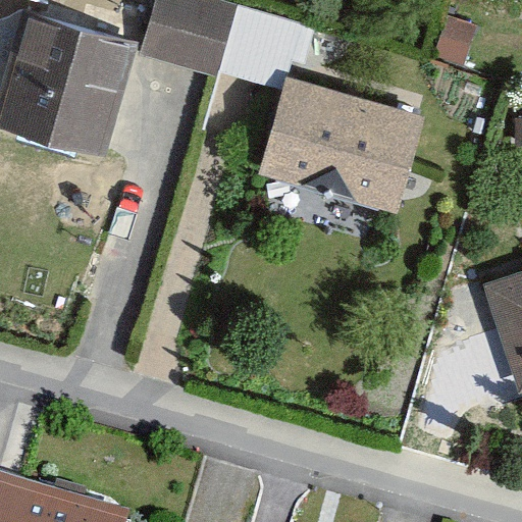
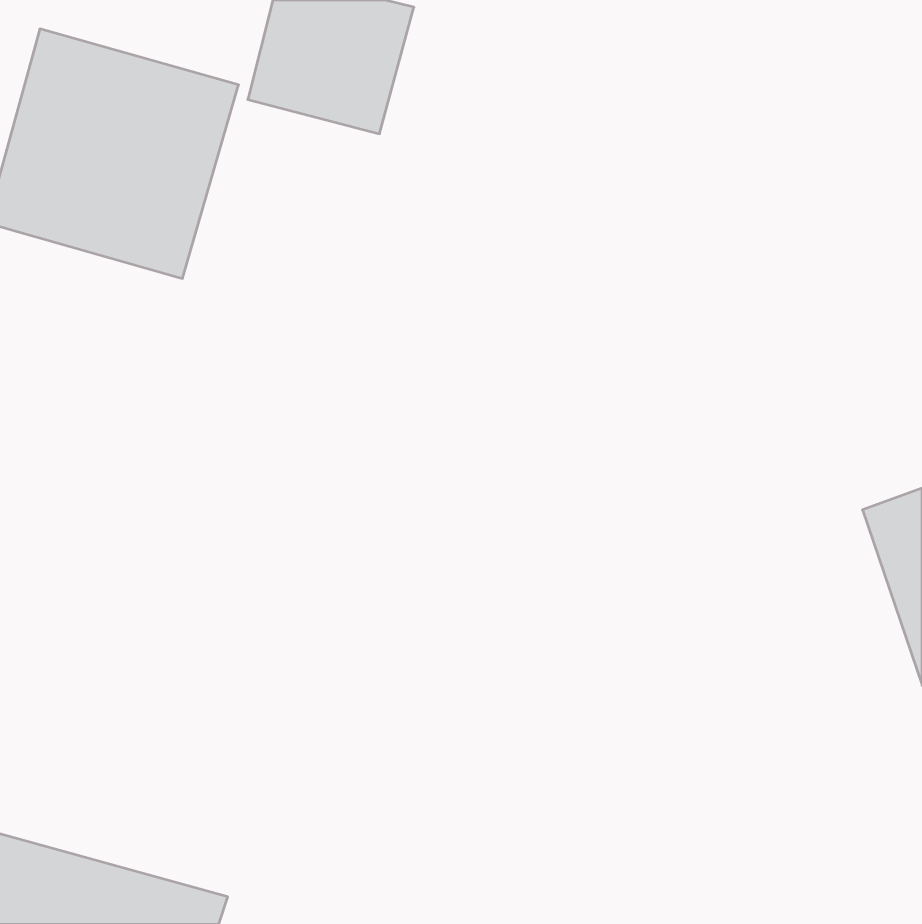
building: [259,81,424,209] -> none

